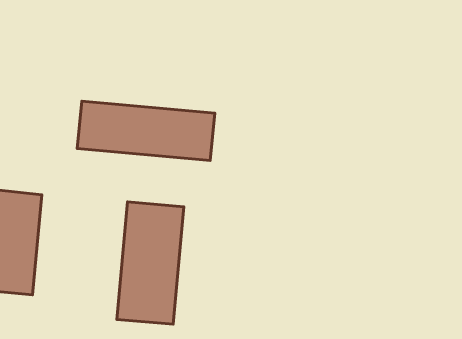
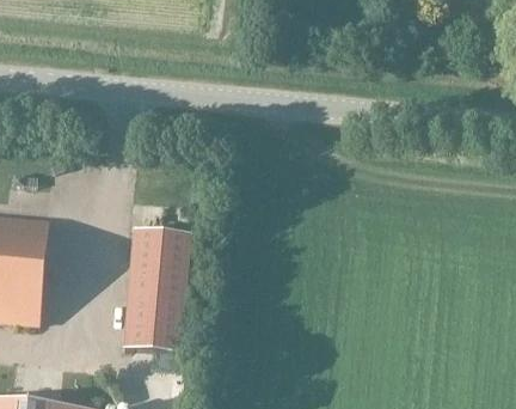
building: [77,101,215,160] -> none

